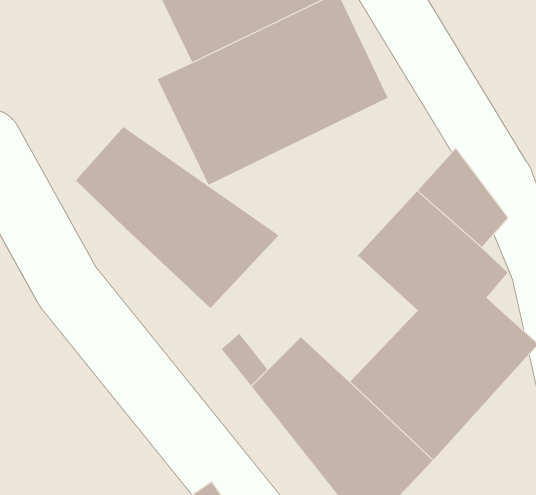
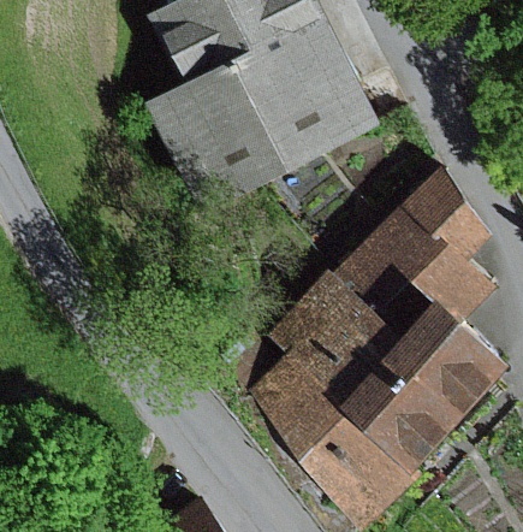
building: [75,126,279,309] -> none
building: none -> [261,259,403,392]

